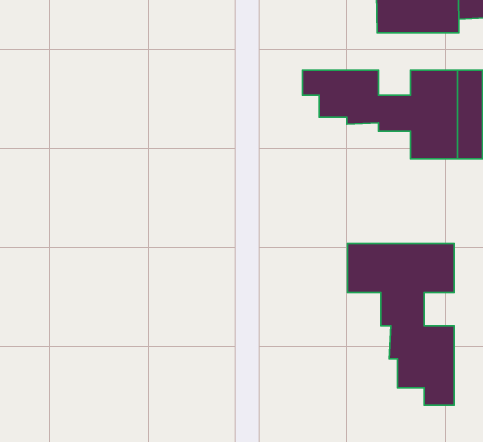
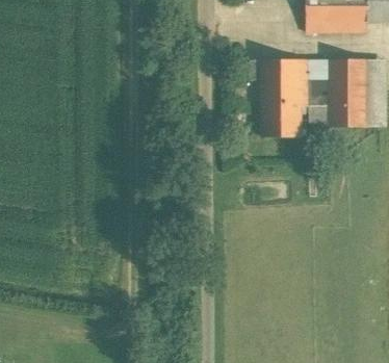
building: none -> [263,95,308,136]
building: [348,243,454,405] -> none

